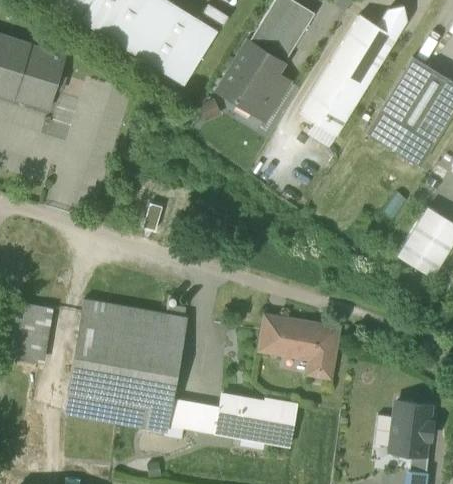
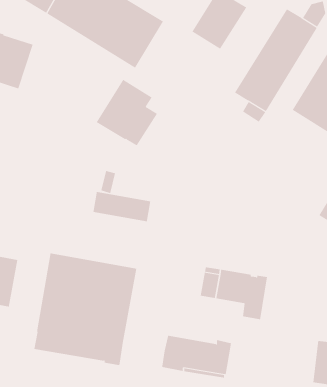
building: [218,42,290,120] -> [96,79,158,146]
building: none -> [93,191,151,222]
building: [165,405,218,437] -> none

